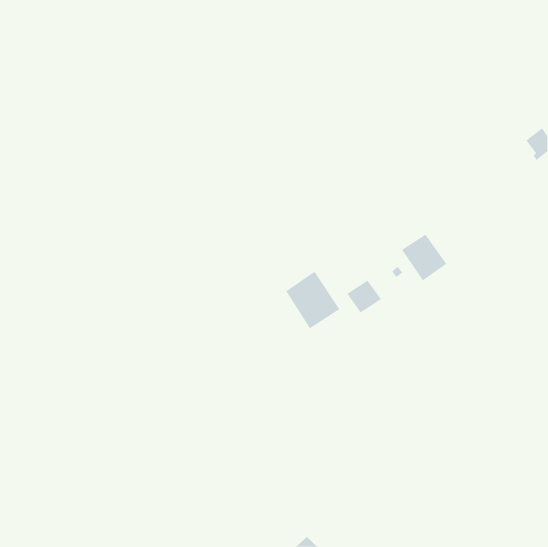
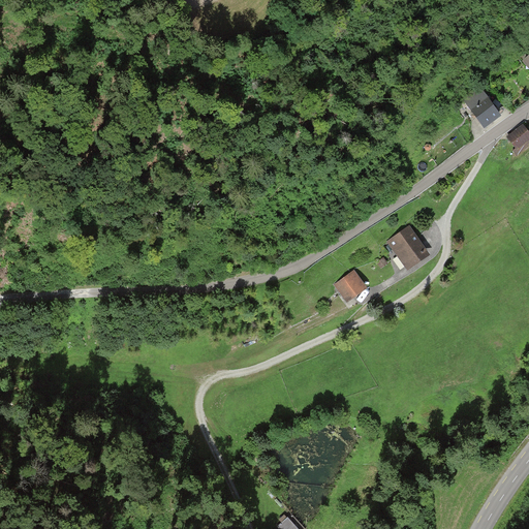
building: none -> [461,84,502,128]
building: [286,271,340,329] -> none

